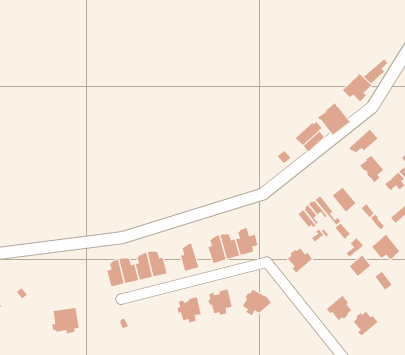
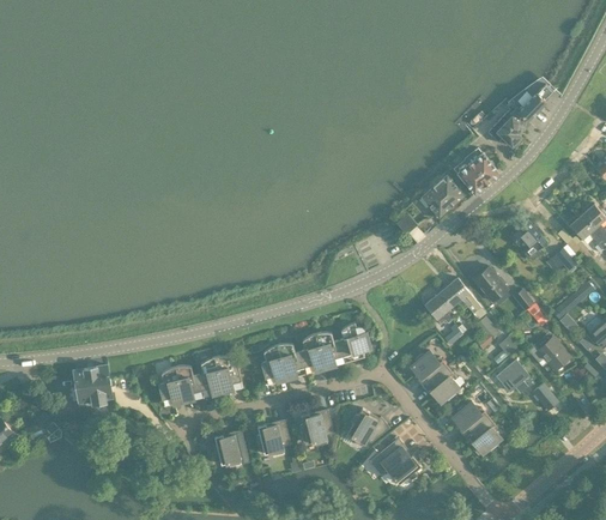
building: [349,129,378,153] -> none
building: none -> [275,343,305,379]
building: none -> [422,367,459,403]
building: none -> [212,430,247,467]
building: [51,307,79,334] -> [71,365,110,403]
building: none -> [368,437,420,484]
building: [353,311,379,336] -> [452,401,487,437]

